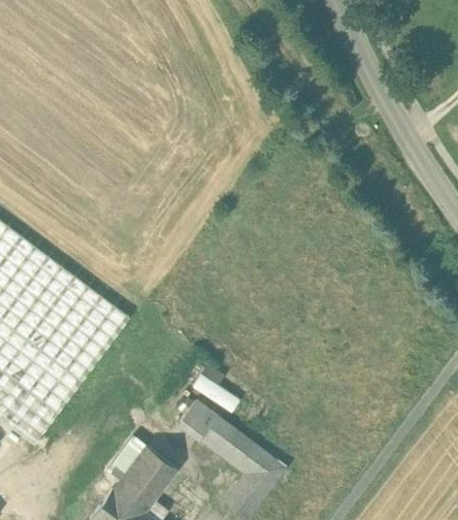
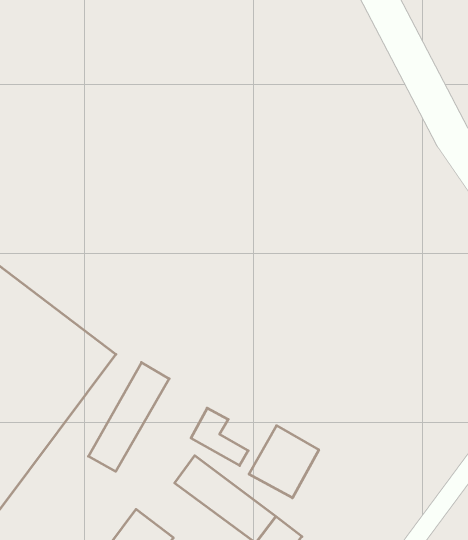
building: none -> [88,362,169,471]
building: none -> [249,426,319,498]

